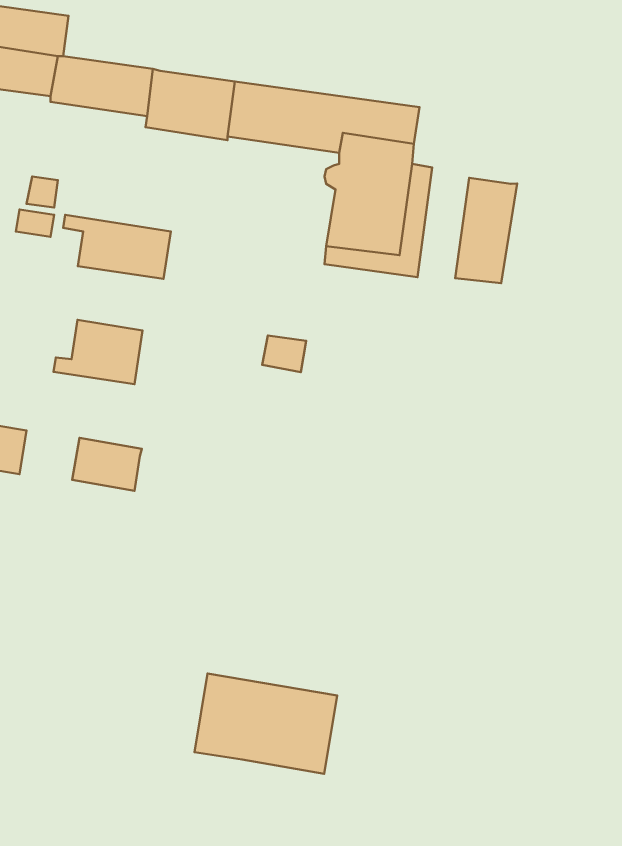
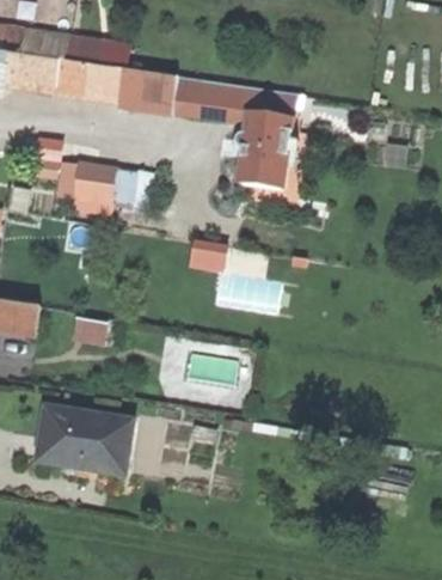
building: none -> [62,33,129,69]
building: [455,178,517,283] -> none
building: [54,320,143,384] -> none
building: [195,673,337,774] -> [36,407,129,472]

